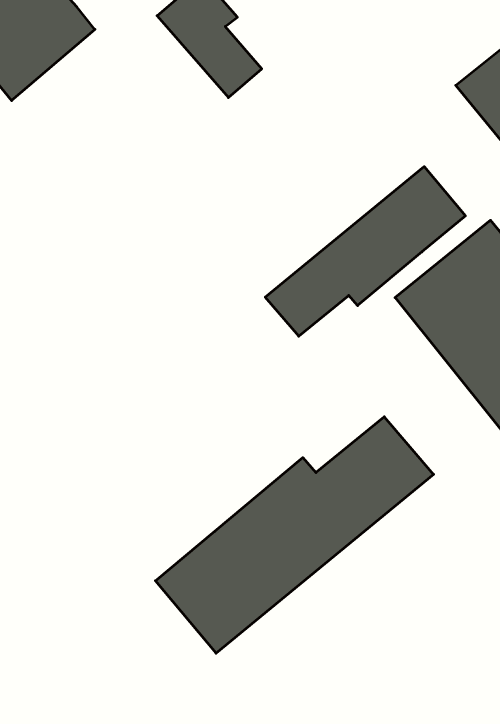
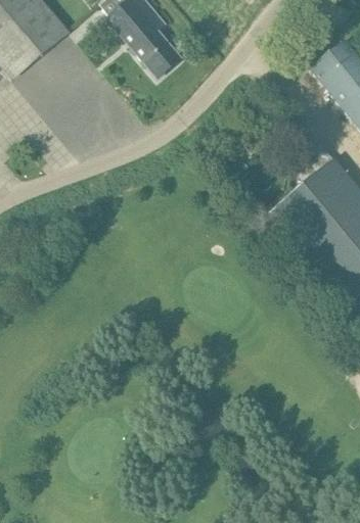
building: [265,167,465,336] -> none
building: [155,417,434,653] -> none

